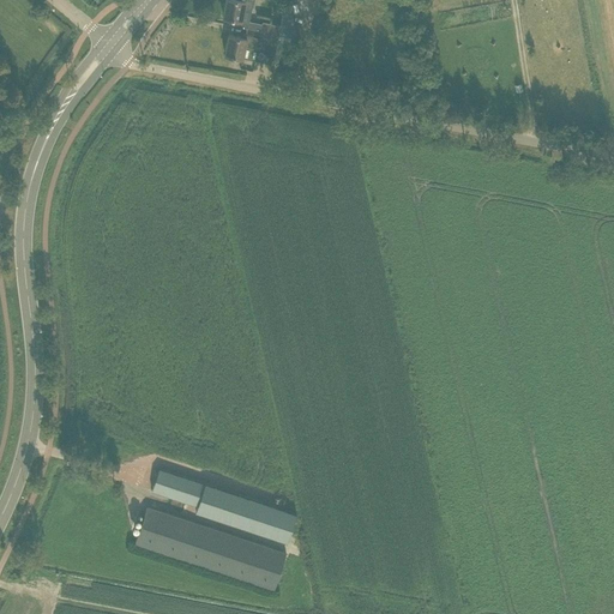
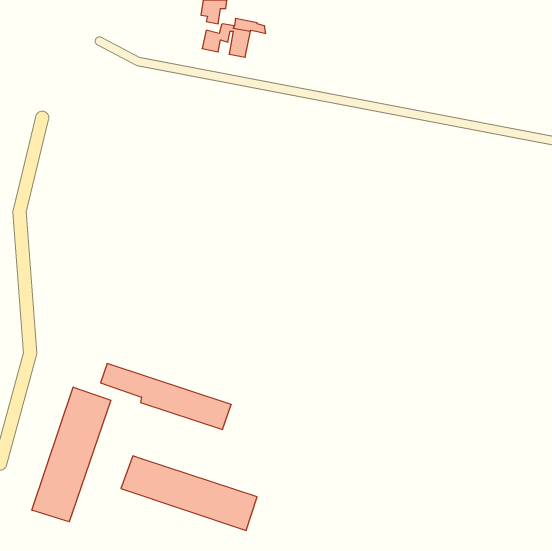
building: none -> [32,387,111,522]
building: [151,469,296,542] -> [101,364,231,429]

